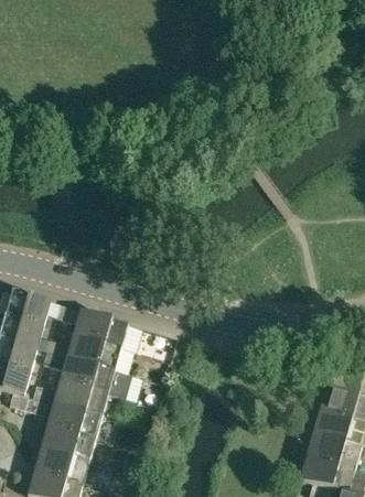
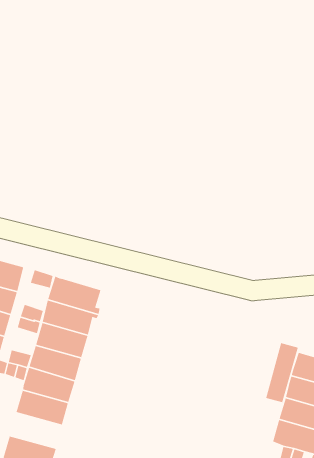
building: none -> [265,342,299,403]
building: [35,447,89,484] -> none

